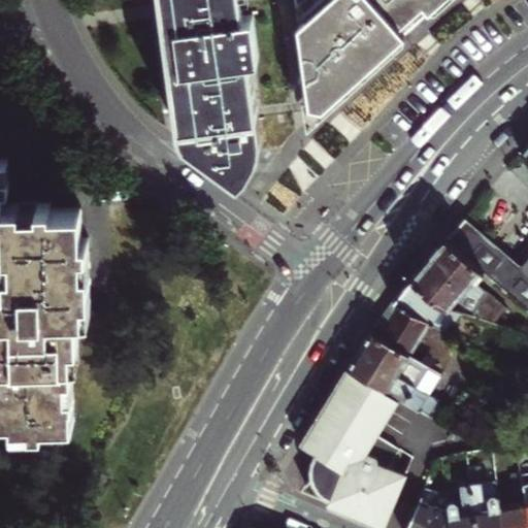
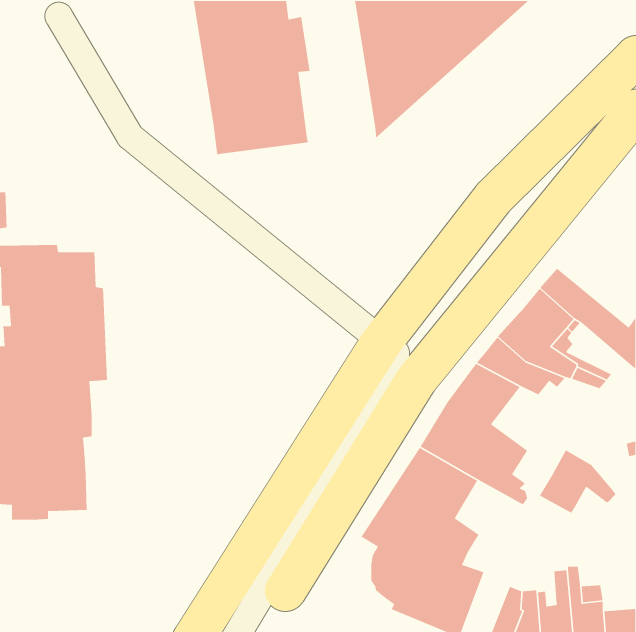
building: [178,124,257,190] -> none
building: none -> [539,449,617,514]

